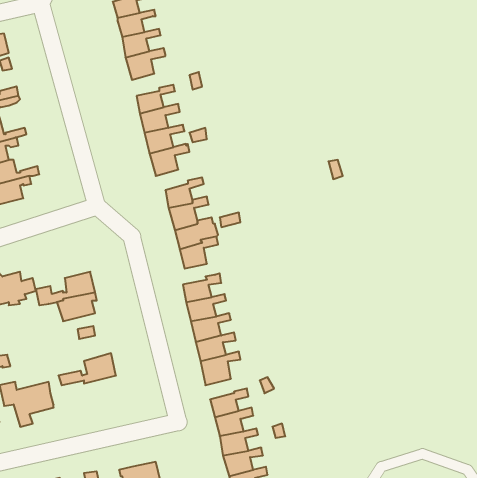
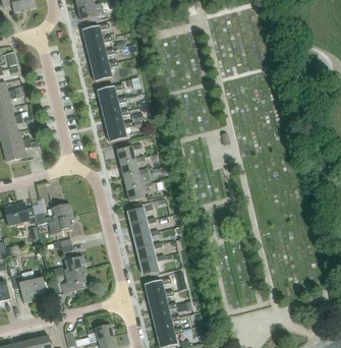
building: none -> [60,269,86,292]

